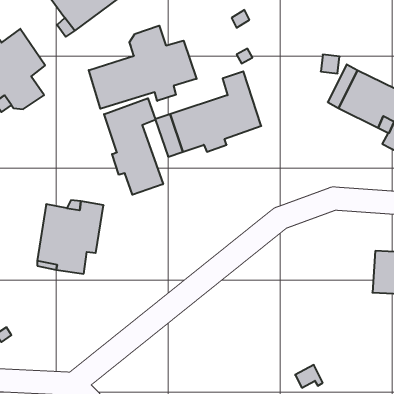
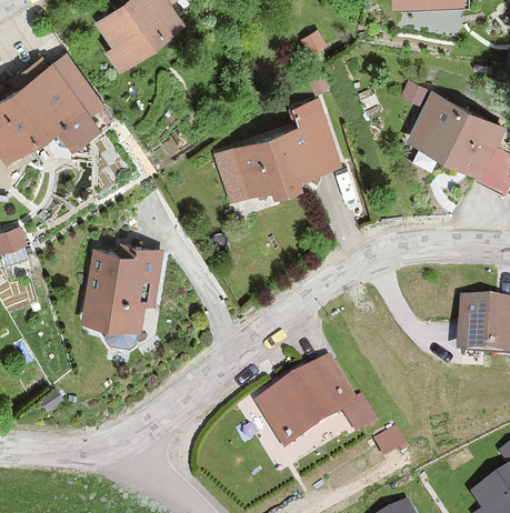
building: [89,26,197,109] -> none
building: [104,98,163,195] -> none
building: none -> [261,363,374,445]

